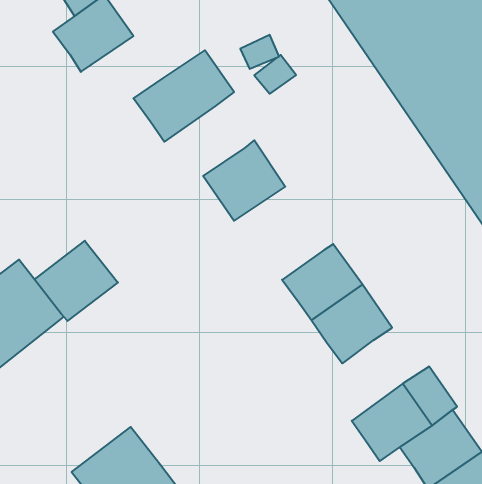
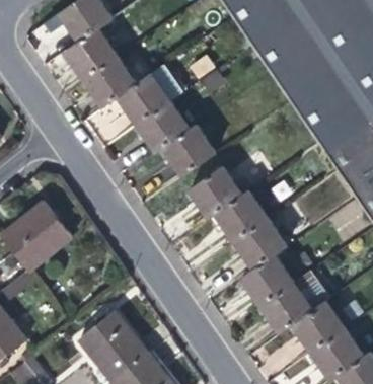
building: none -> [84,56,138,106]
building: none -> [139,101,192,151]
building: none -> [190,167,243,219]
building: [34,241,118,321] -> none
building: none -> [241,254,295,307]

